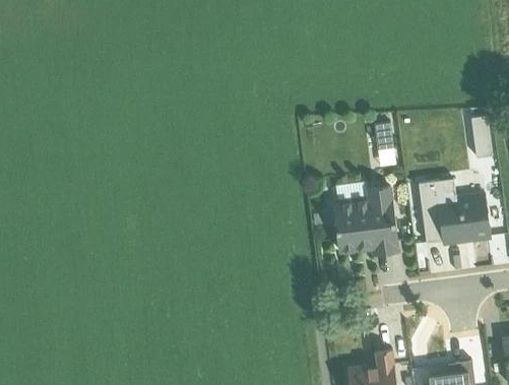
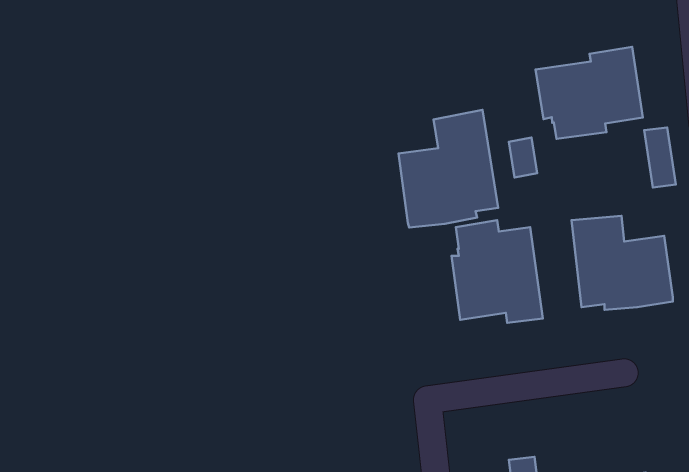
building: none -> [536,47,643,139]
building: none -> [398,110,498,228]

